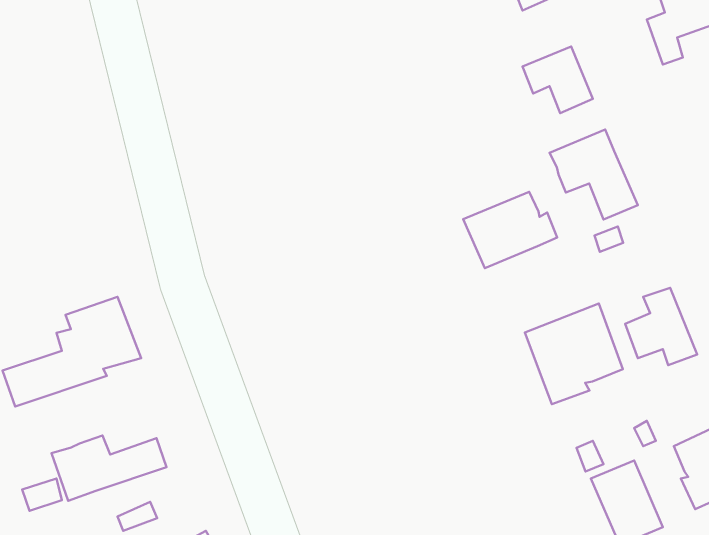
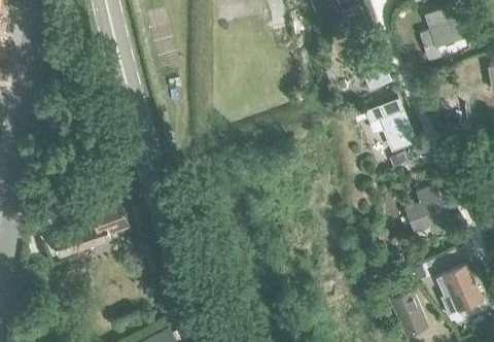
building: [463,192,557,268] -> none
building: [525,303,623,404] -> none
building: [52,435,167,501] -> none

